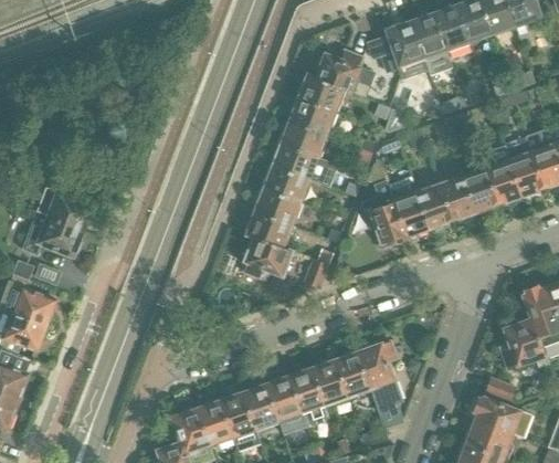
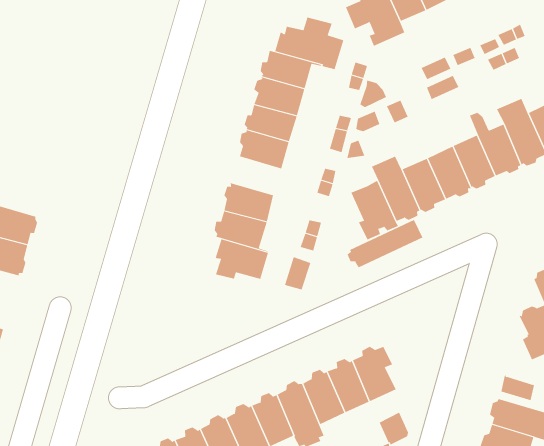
building: [263,166,310,202] -> none
building: none -> [347,219,423,268]

